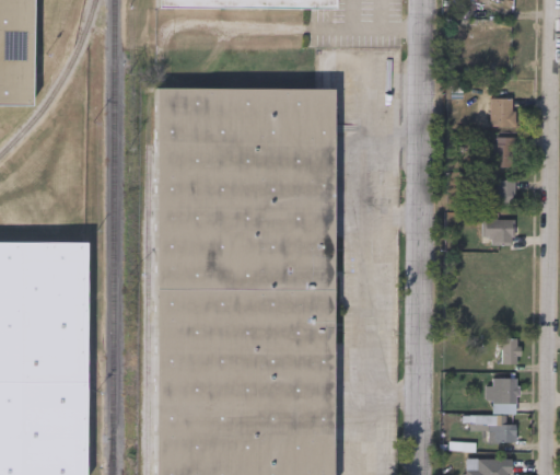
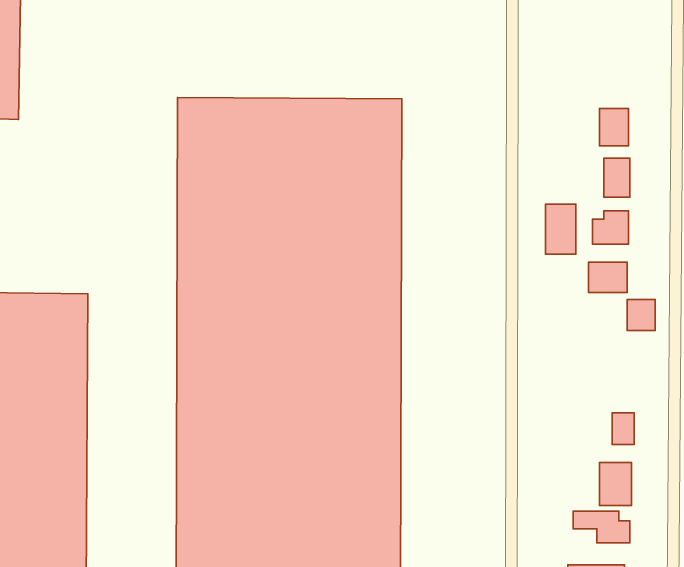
building: none -> [545,204,576,254]
building: none -> [627,299,655,331]

